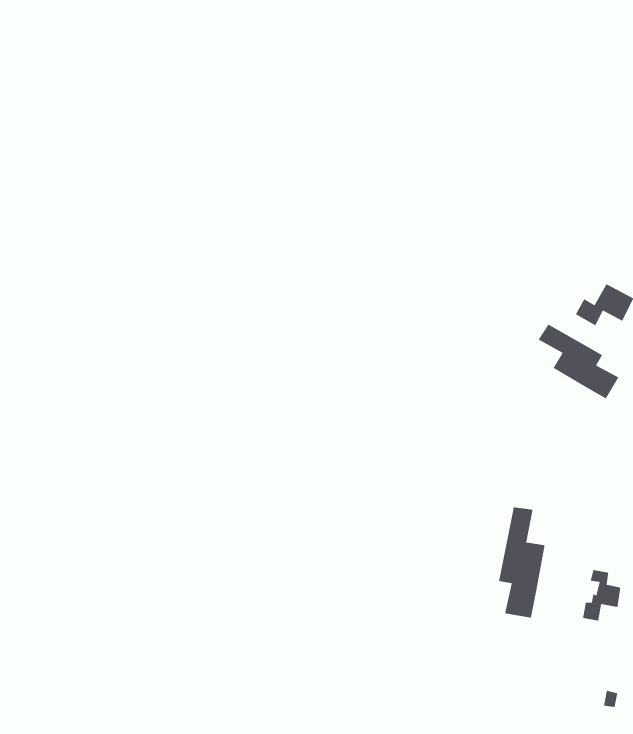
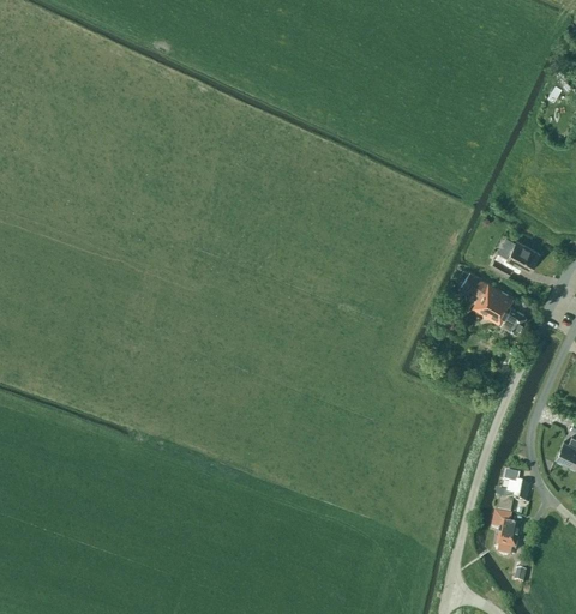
building: [498,506,545,619] -> none
building: none -> [491,511,521,554]

